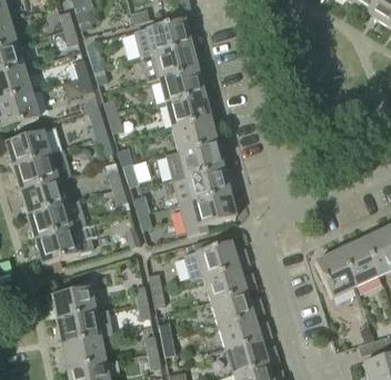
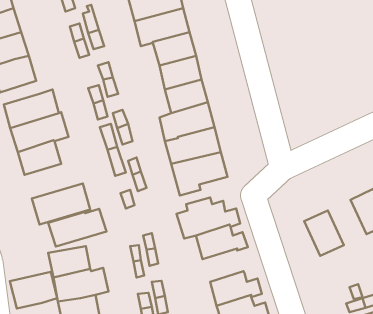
building: [27,199,87,238] -> [48,209,107,247]
building: [339,239,379,286] -> none
building: [210,289,263,323] -> none
building: none -> [10,272,57,308]

